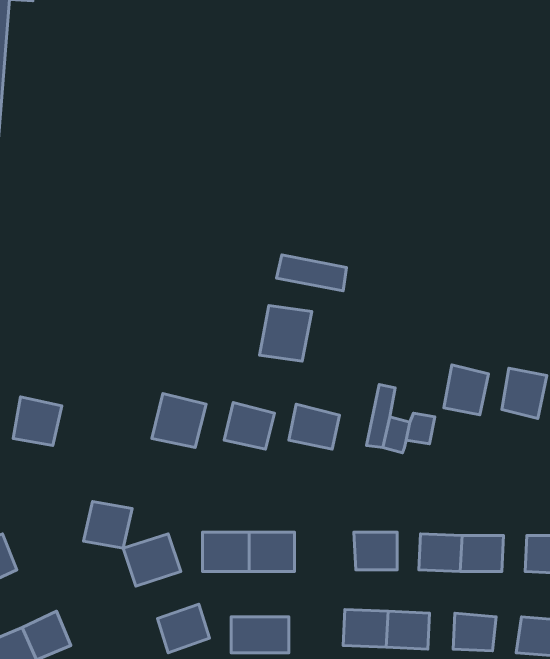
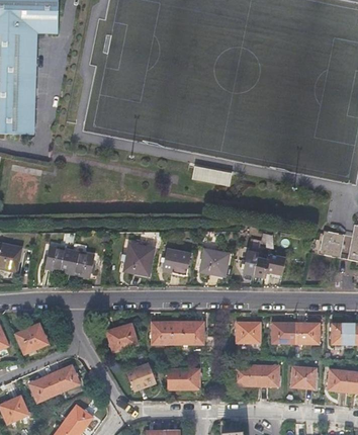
building: [259,306,312,361] -> none
building: [444,365,488,415] -> none
building: [83,501,132,548] -> [67,251,94,277]

